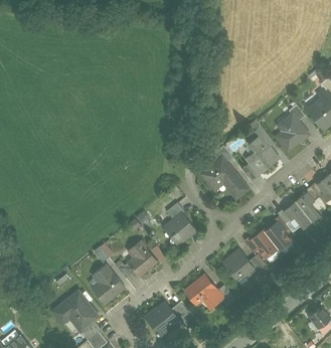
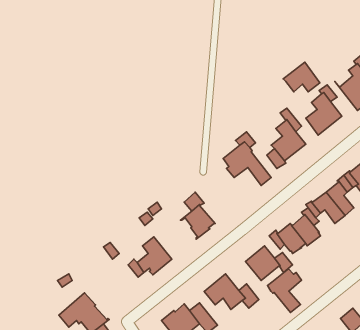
building: none -> [283,62,320,92]
building: [94,266,124,303] -> none
building: none -> [268,269,302,312]

